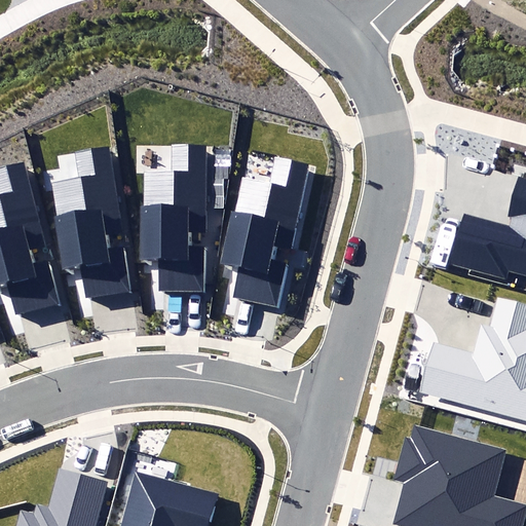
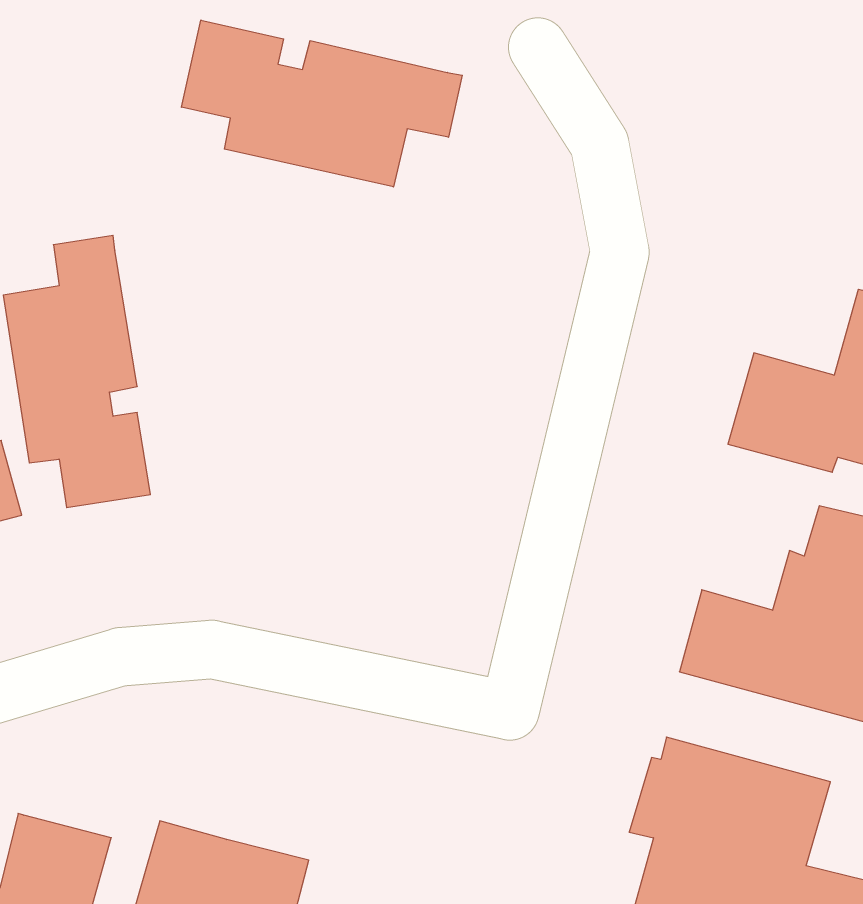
building: none -> [181,20,462,187]
building: [141,147,205,293] -> none
building: [221,157,308,307] -> none

